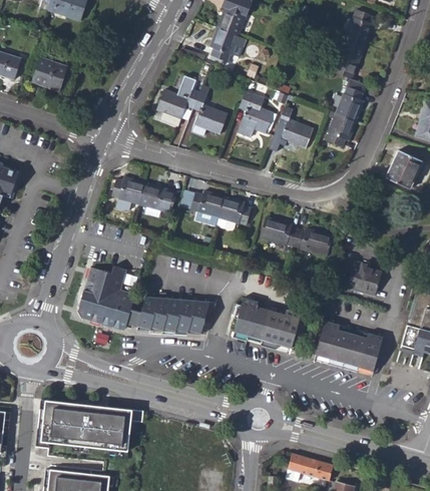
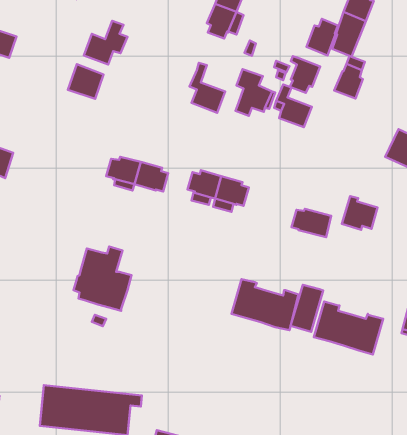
building: none -> [306,19,338,56]
building: [32,57,67,91] -> [68,64,103,99]
building: [156,76,199,119] -> [84,21,128,65]
building: [326,110,356,146] -> [290,56,320,93]
building: [260,217,298,247] -> none
building: [346,261,381,294] -> [342,196,378,230]
building: [125,296,212,335] -> none
building: none -> [291,285,323,332]

